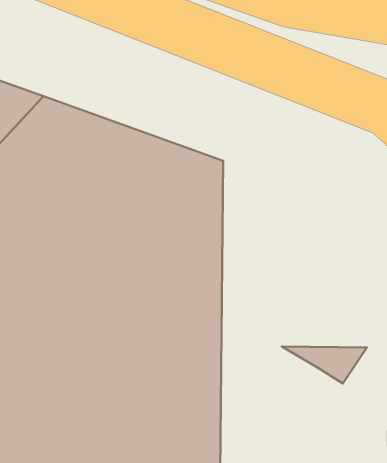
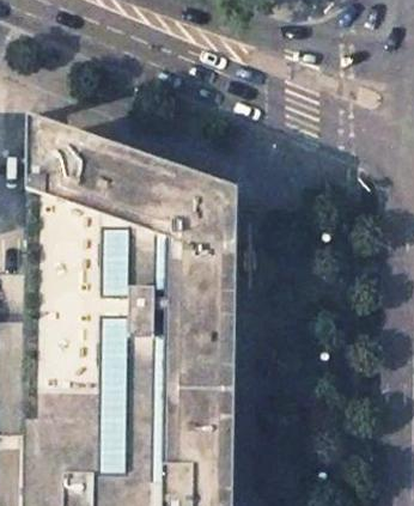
building: [282,346,367,383] -> none

